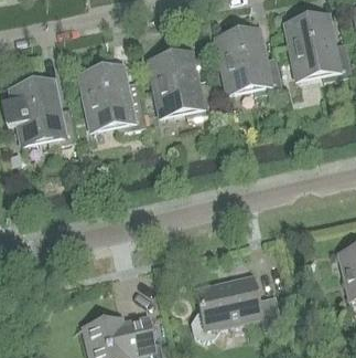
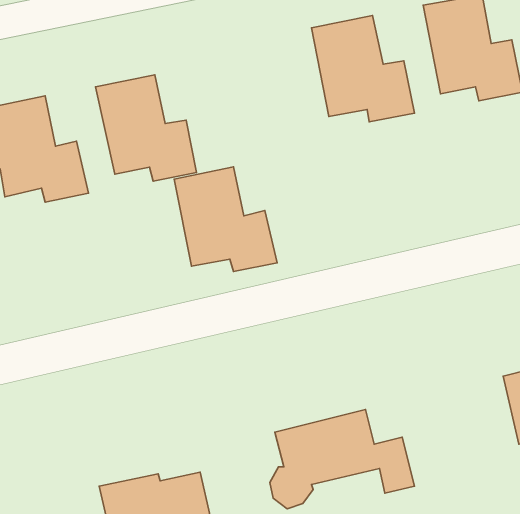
building: [150,50,215,116] -> [174,167,277,272]

